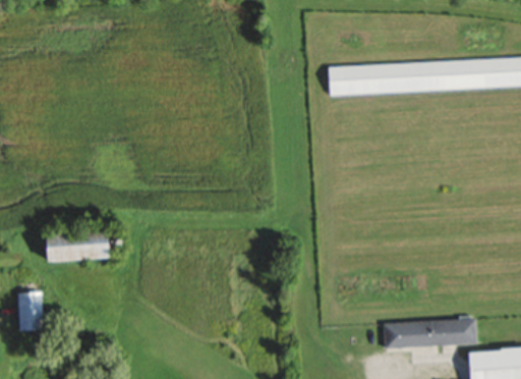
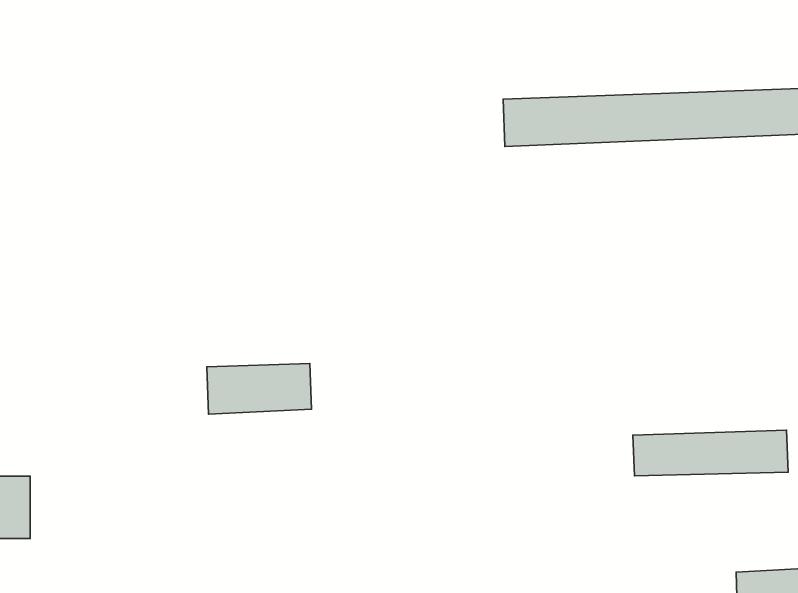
building: [44,231,107,262] -> [207,363,312,414]
building: [385,320,478,347] -> [633,430,788,476]

